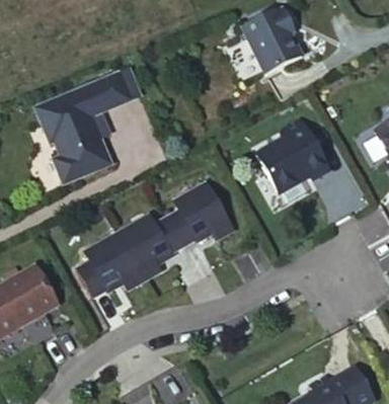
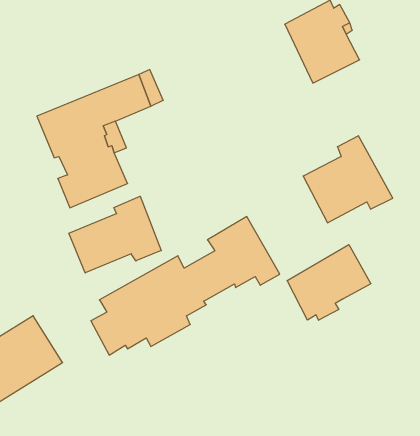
building: none -> [69,196,161,273]
building: none -> [287,245,371,320]

